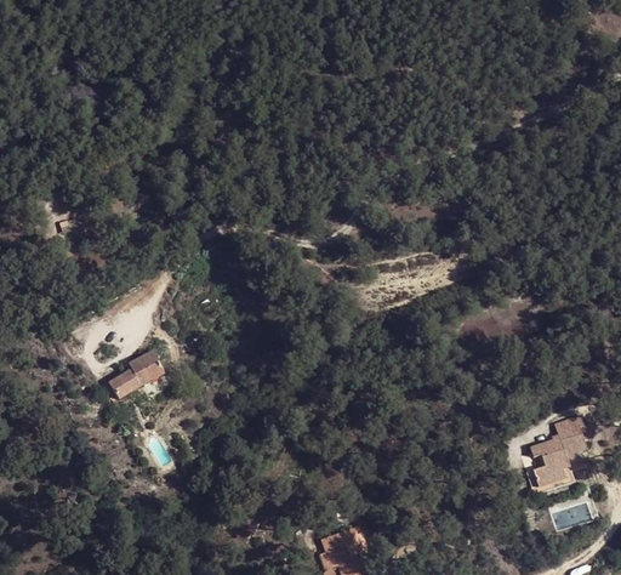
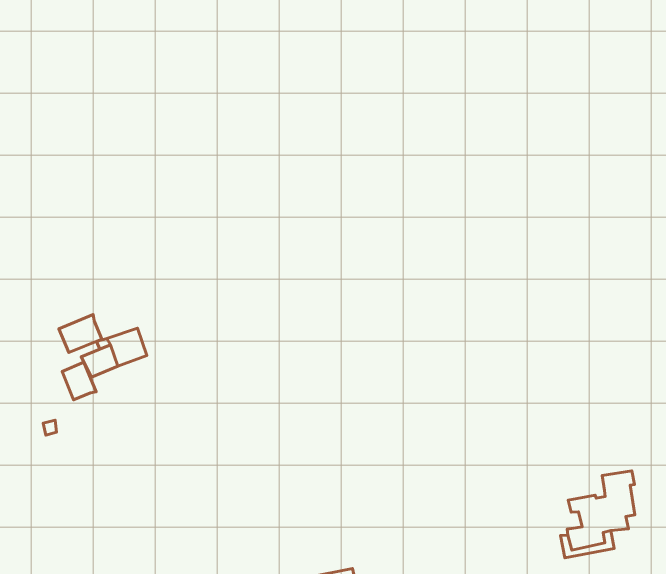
building: none -> [59,315,102,352]
building: none -> [62,362,96,400]

